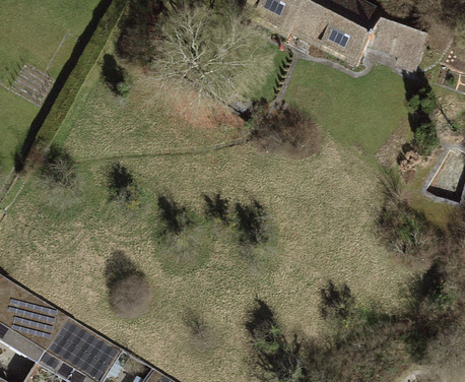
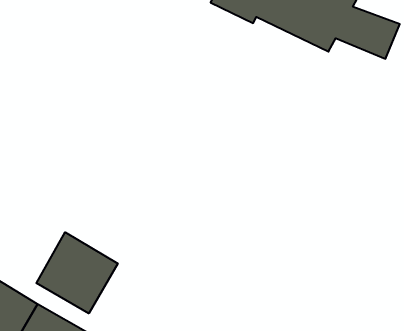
building: none -> [36,232,118,313]

